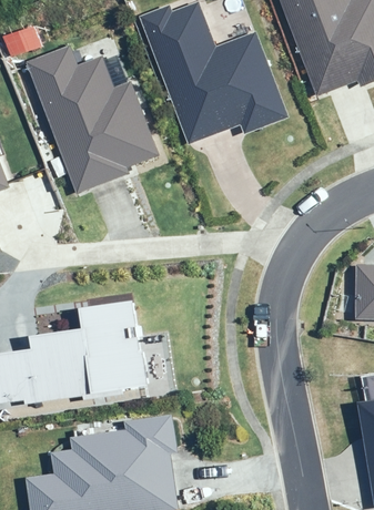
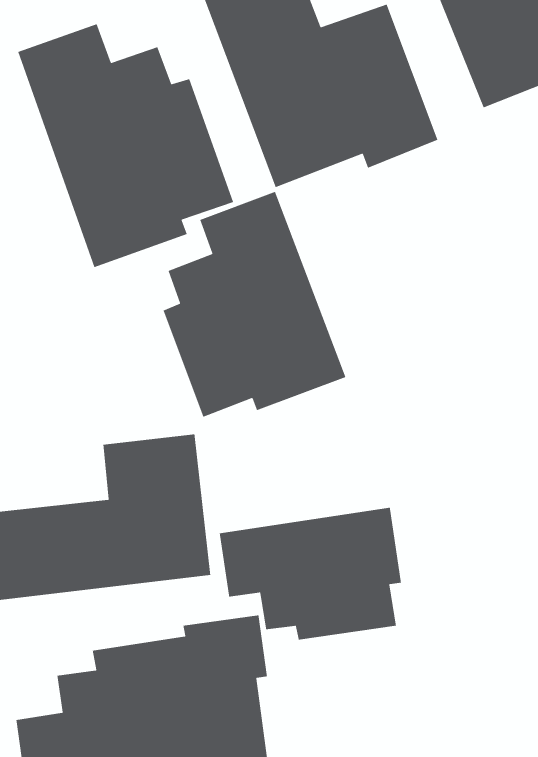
building: none -> [163,191,347,418]
building: none -> [219,507,402,641]

